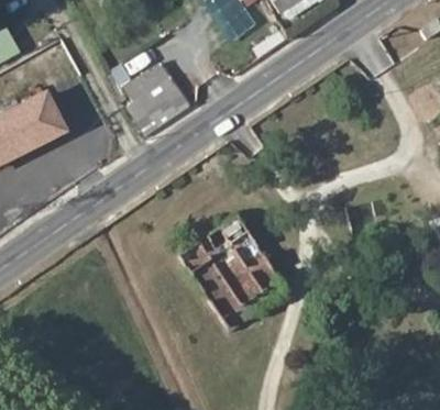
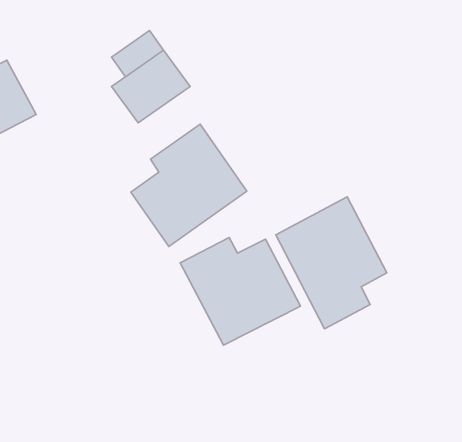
building: none -> [131,124,247,247]
building: none -> [276,197,387,329]

